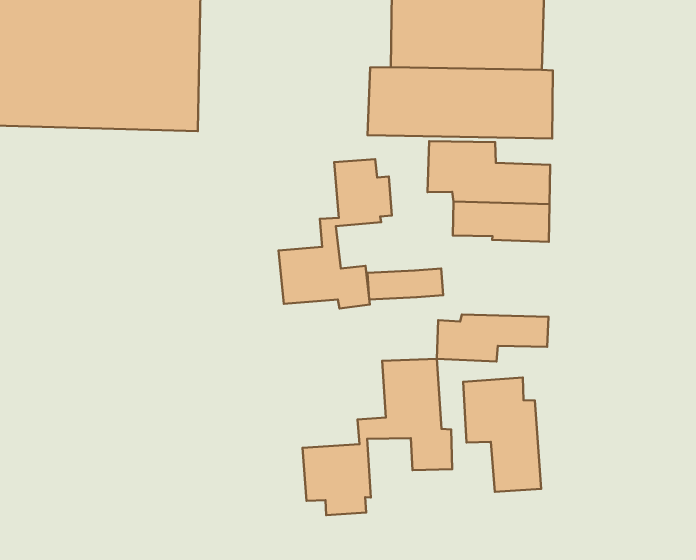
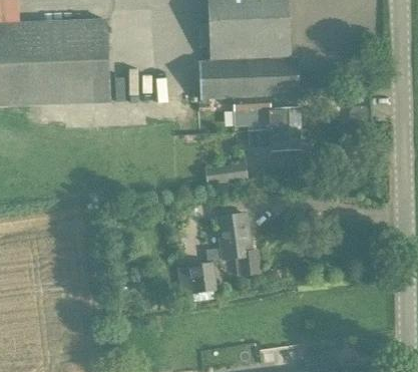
building: [278,159,392,309] -> none
building: [437,314,548,361] -> none
building: [463,377,541,492] -> none

